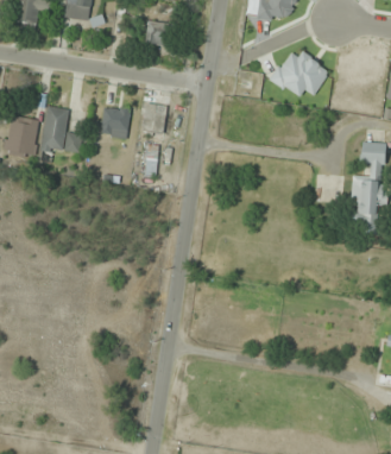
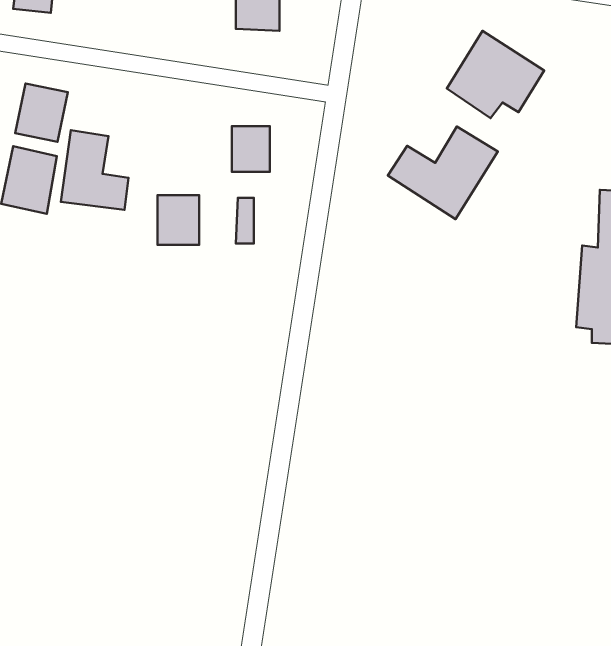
building: none -> [15,84,68,142]
building: none -> [388,127,498,219]
building: [102,106,127,135] -> [157,195,199,245]

